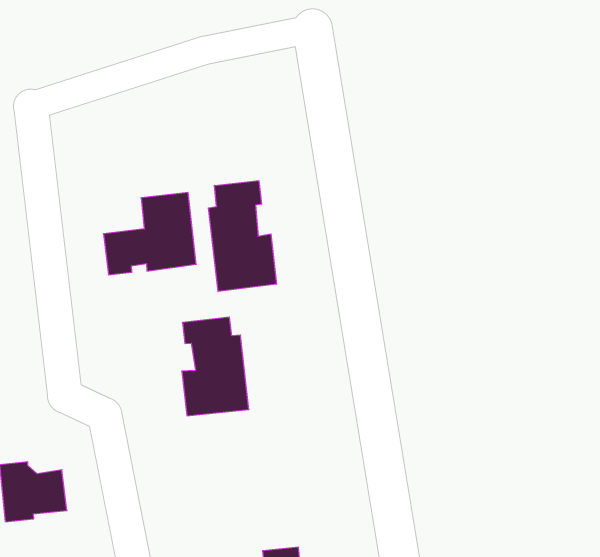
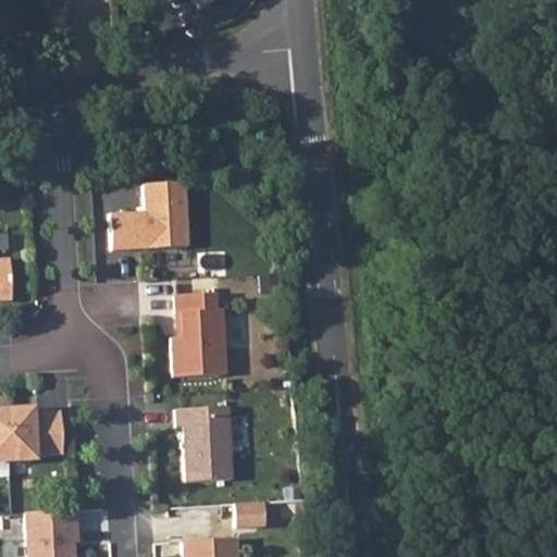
building: [208,181,276,292] -> none
building: none -> [175,407,233,483]

